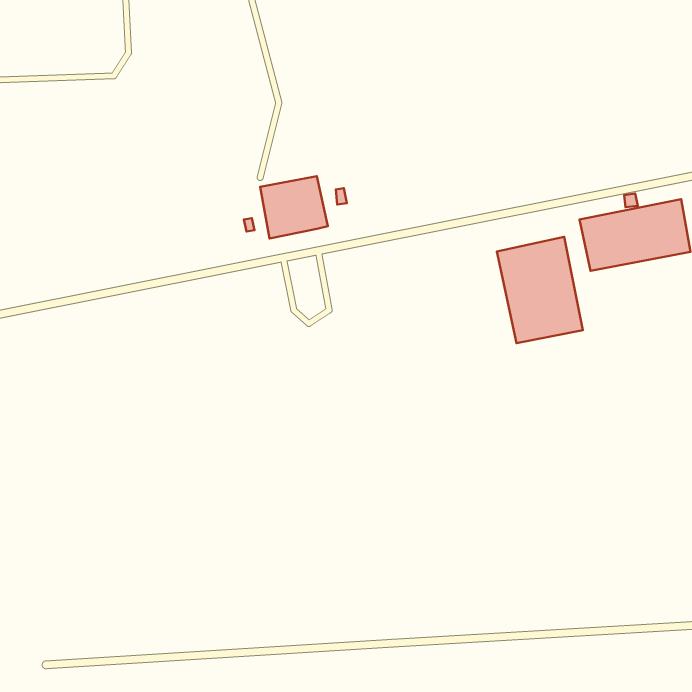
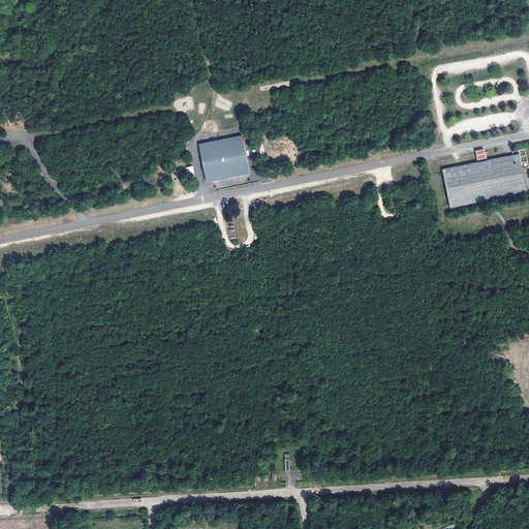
building: [497,237,583,343] -> none

